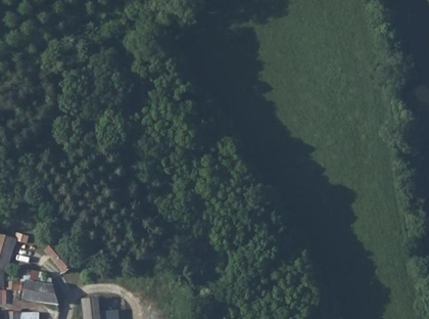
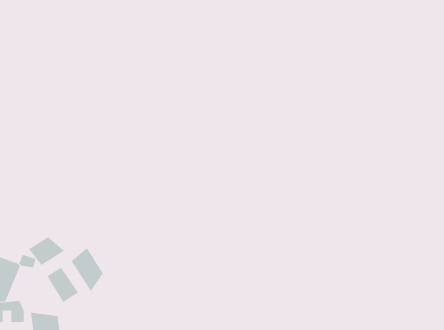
building: none -> [28,236,65,266]
building: none -> [71,247,103,292]

